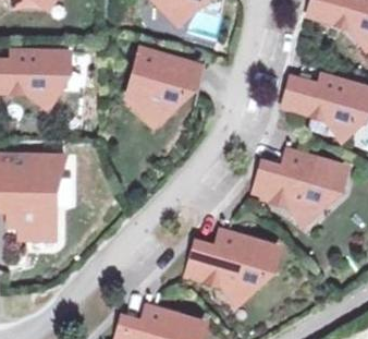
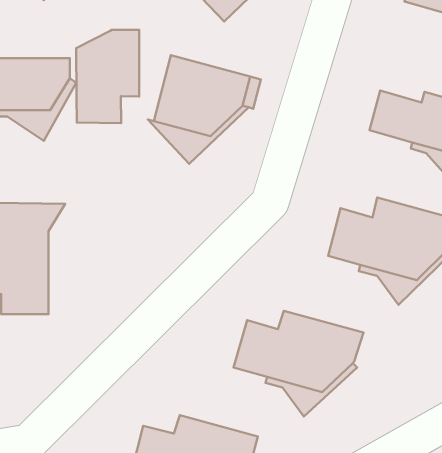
building: none -> [76,30,139,123]

